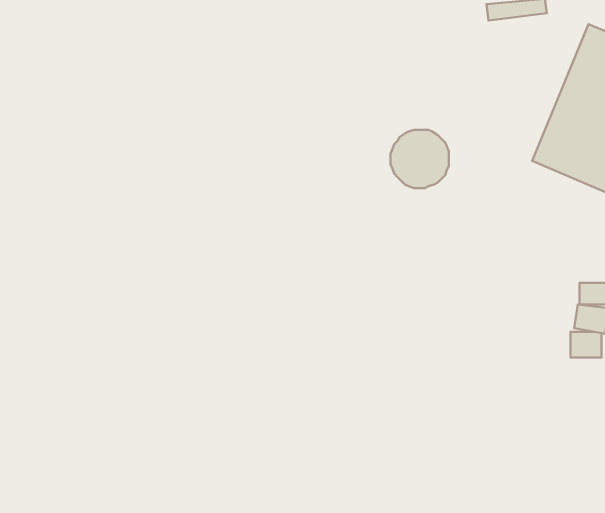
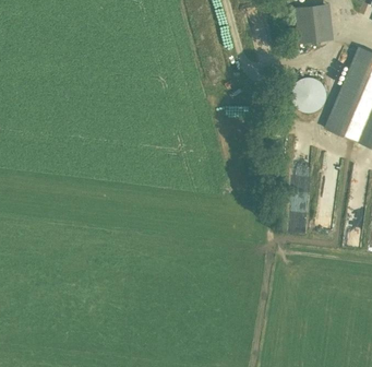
building: [390,130,449,188] -> [291,78,326,113]

